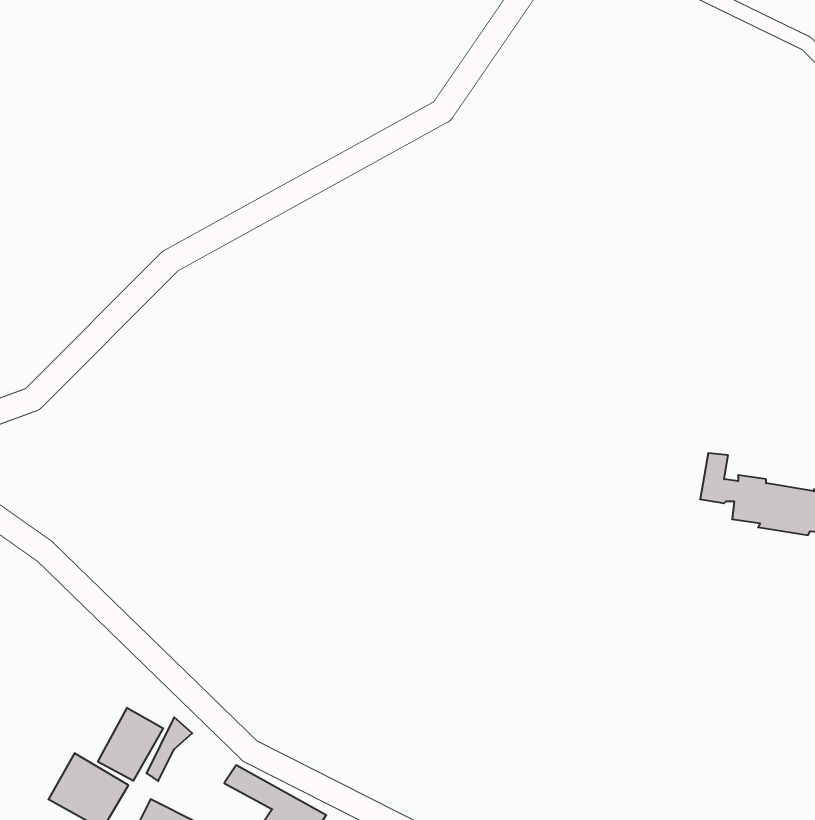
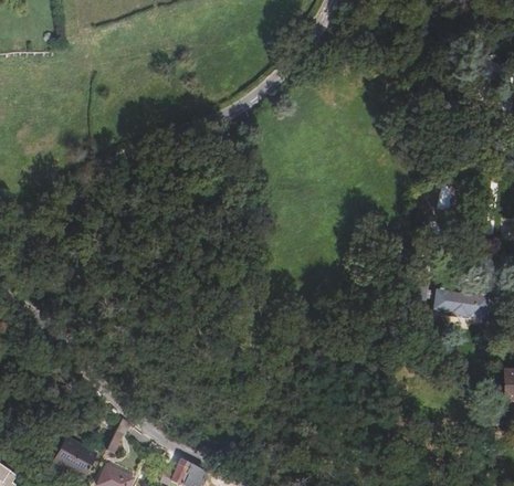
building: [98,708,163,781] -> none

